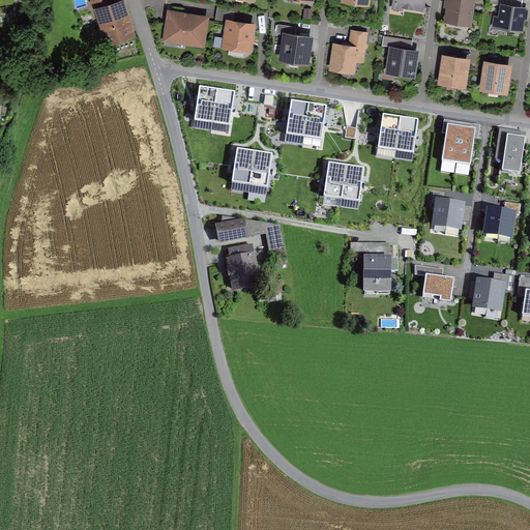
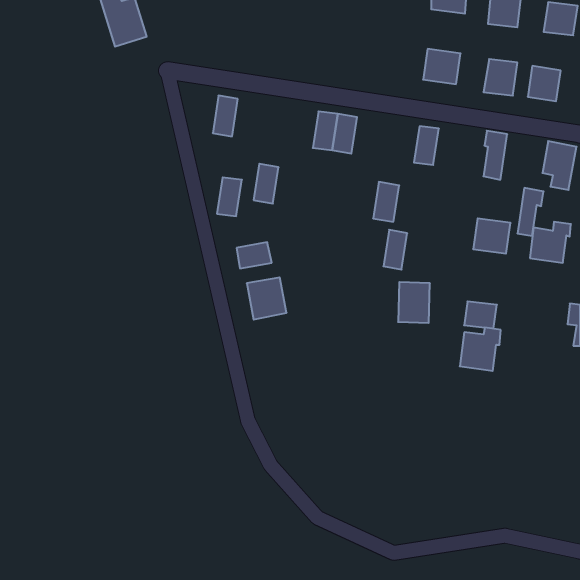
building: [161,9,207,48] -> none
building: [222,18,254,52] -> none
building: [327,29,367,75] -> none
building: [279,30,312,64] -> none
building: [211,90,233,126] -> none
building: [394,117,417,153] -> none
building: [455,122,479,166] -> [517,188,544,236]
building: [248,152,271,187] -> [217,177,242,216]
building: [323,163,345,199] -> [383,230,407,270]
building: [471,273,508,313] -> [460,328,501,371]

